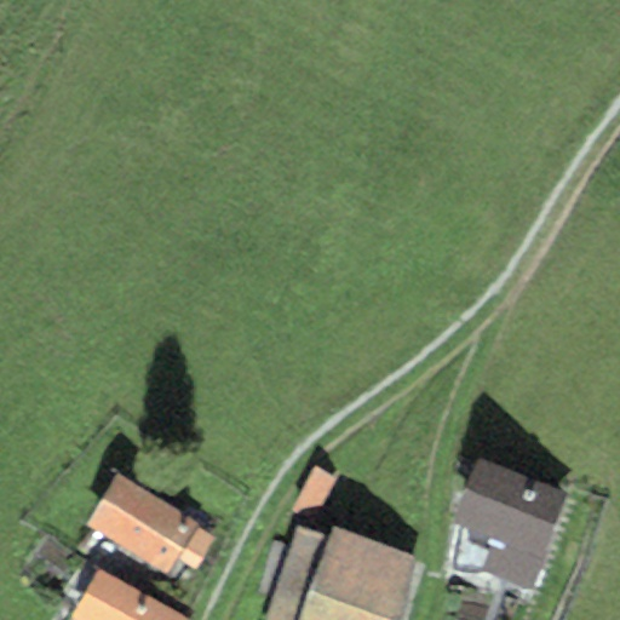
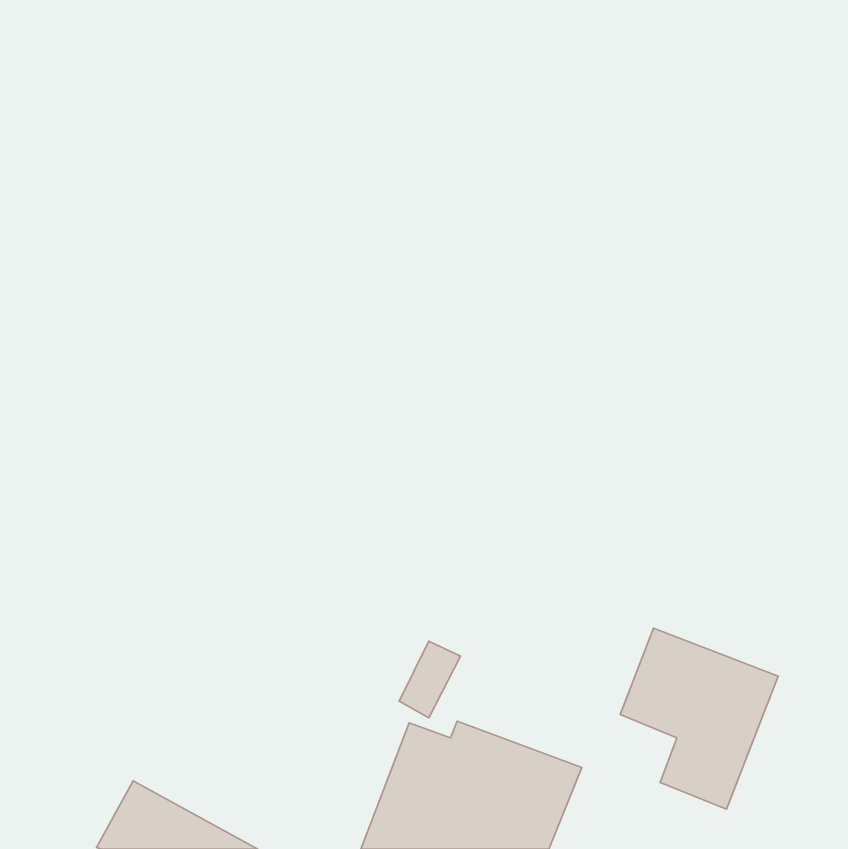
building: [86,475,216,576] -> none

